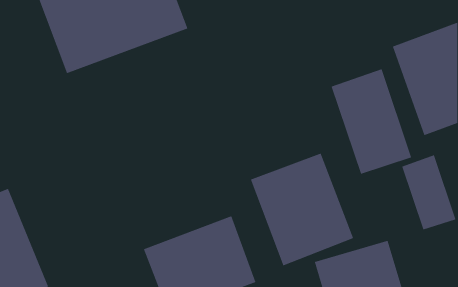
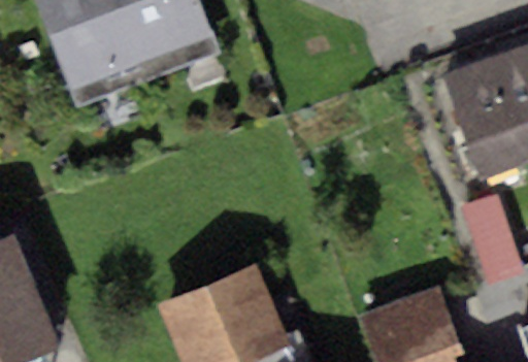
building: [331,68,412,175] -> none
building: [250,153,354,266] -> none

